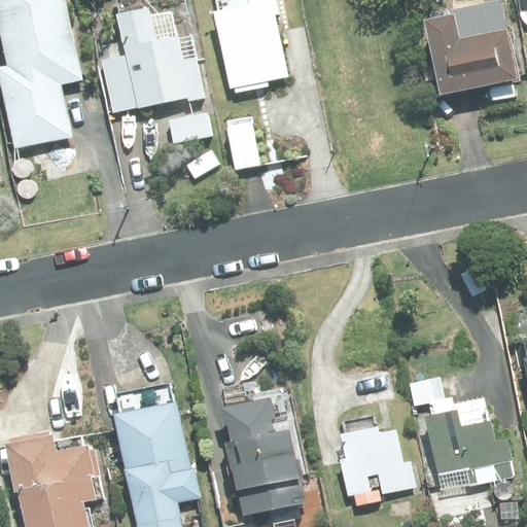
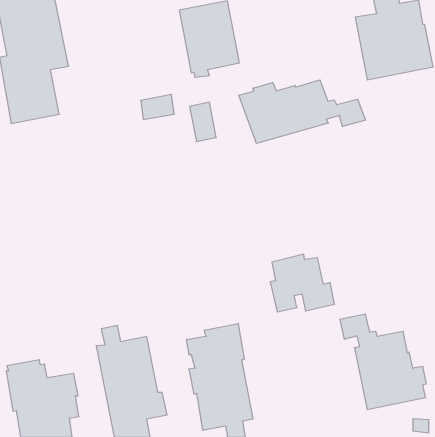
building: [100,11,201,110] -> none
building: none -> [239,80,365,143]
building: [339,427,416,496] -> [270,254,335,312]

